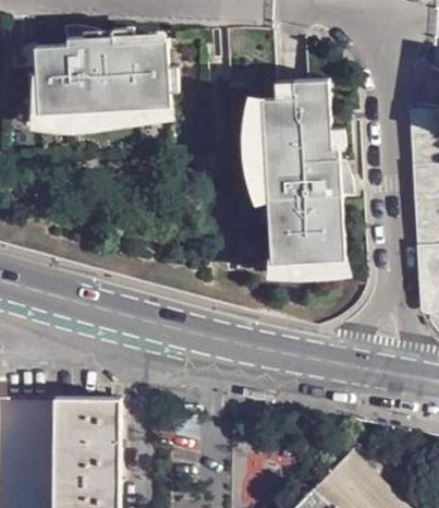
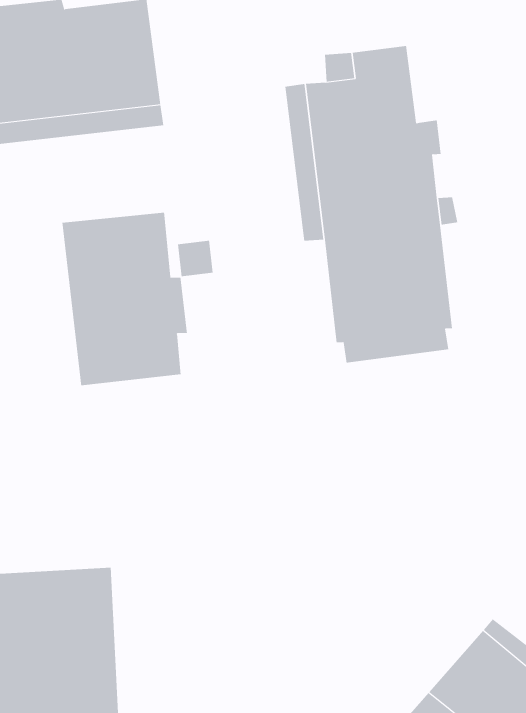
building: none -> [62,212,188,386]

